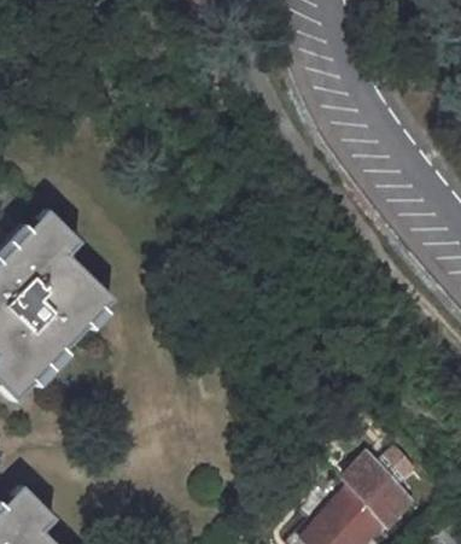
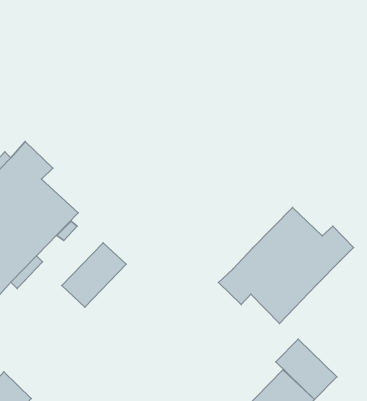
building: none -> [219,207,354,323]
building: none -> [62,243,126,307]

